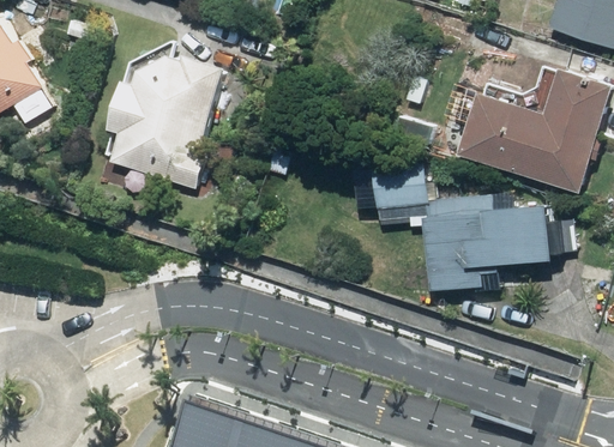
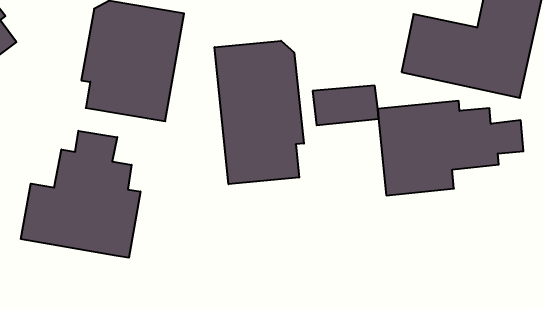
building: none -> [215,41,304,184]
building: none -> [21,131,140,258]

